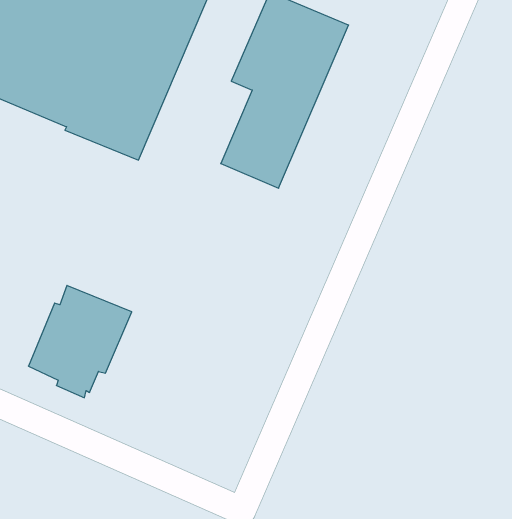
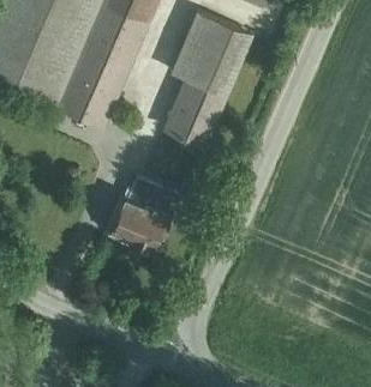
building: [28,285,132,398] -> [108,181,179,258]

